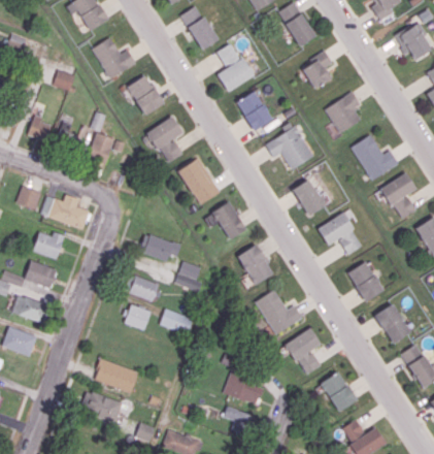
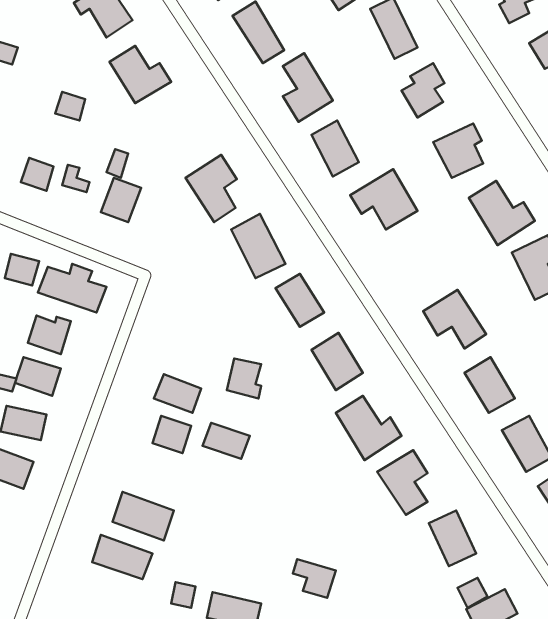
building: [127,74,164,116] -> none
building: [294,180,324,216] -> none
building: [138,233,180,260] -> none
building: [224,376,263,403] -> none

